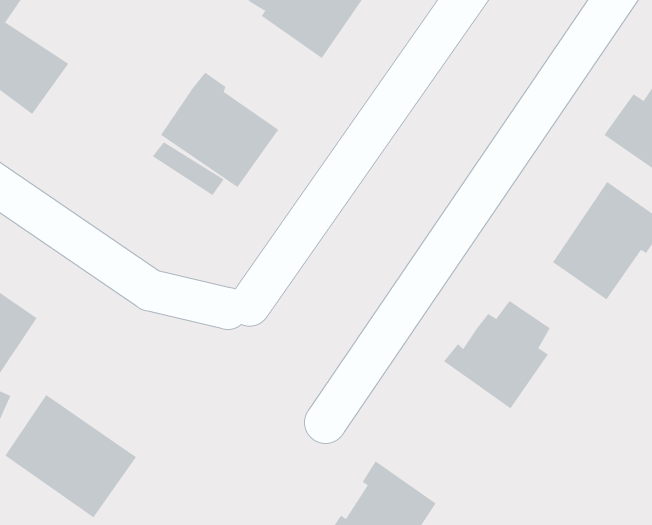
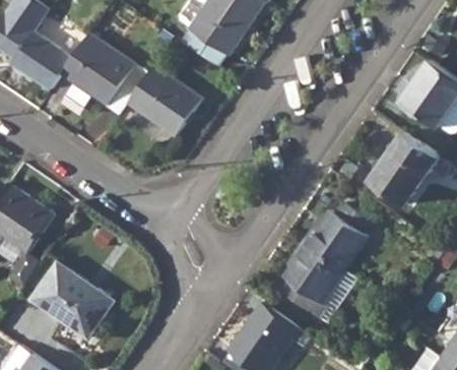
building: none -> [62,35,134,106]
building: none -> [281,241,354,322]

